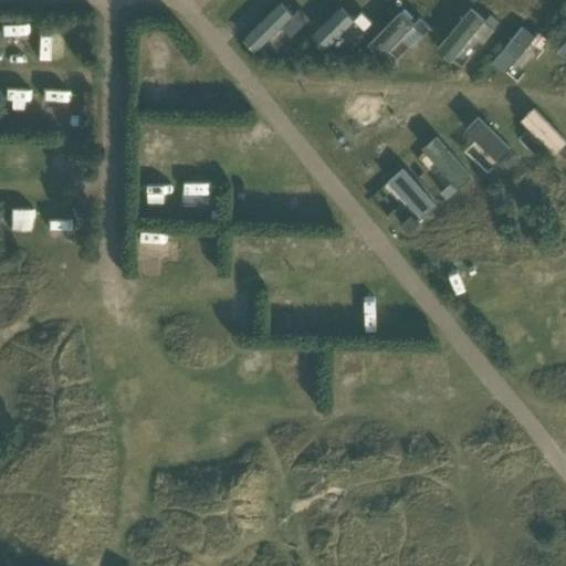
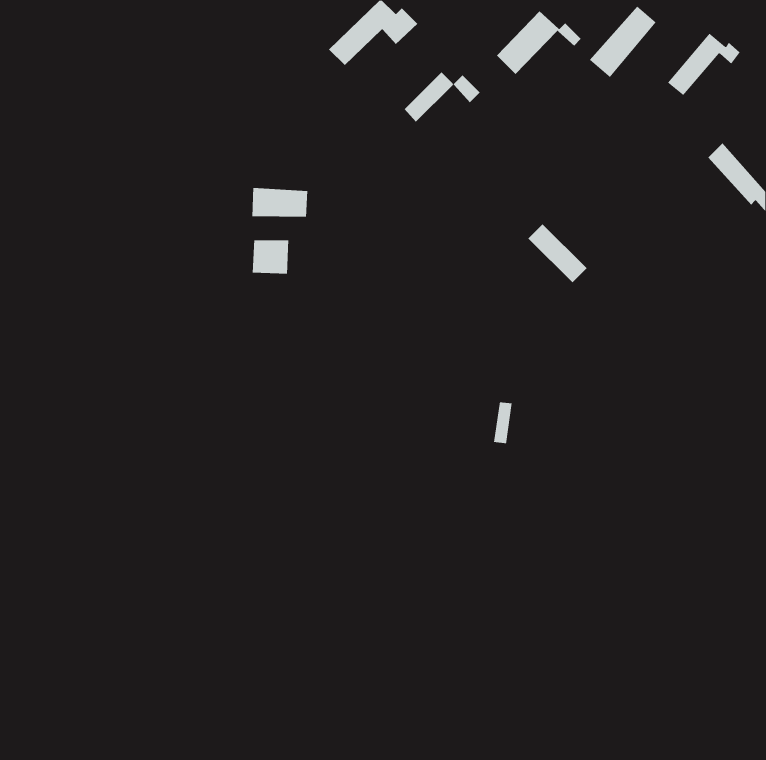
building: [313,13,369,51] -> [404,72,480,123]
building: [464,117,520,170] -> none
building: [421,137,471,190] -> none
building: none -> [252,187,308,218]

